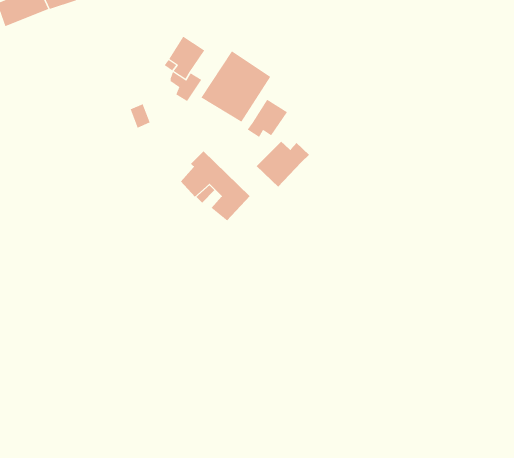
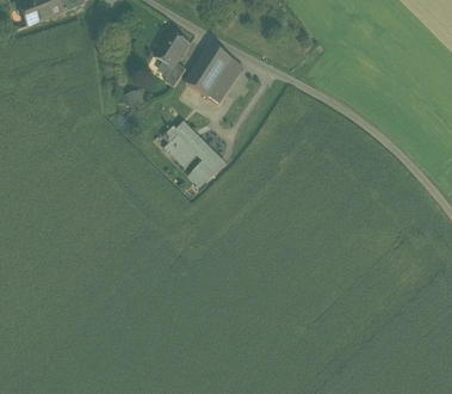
building: [247,99,288,138] -> none
building: [256,141,310,187] -> none

